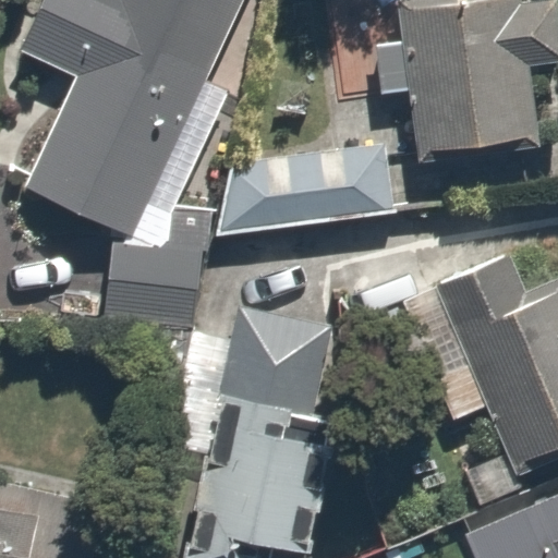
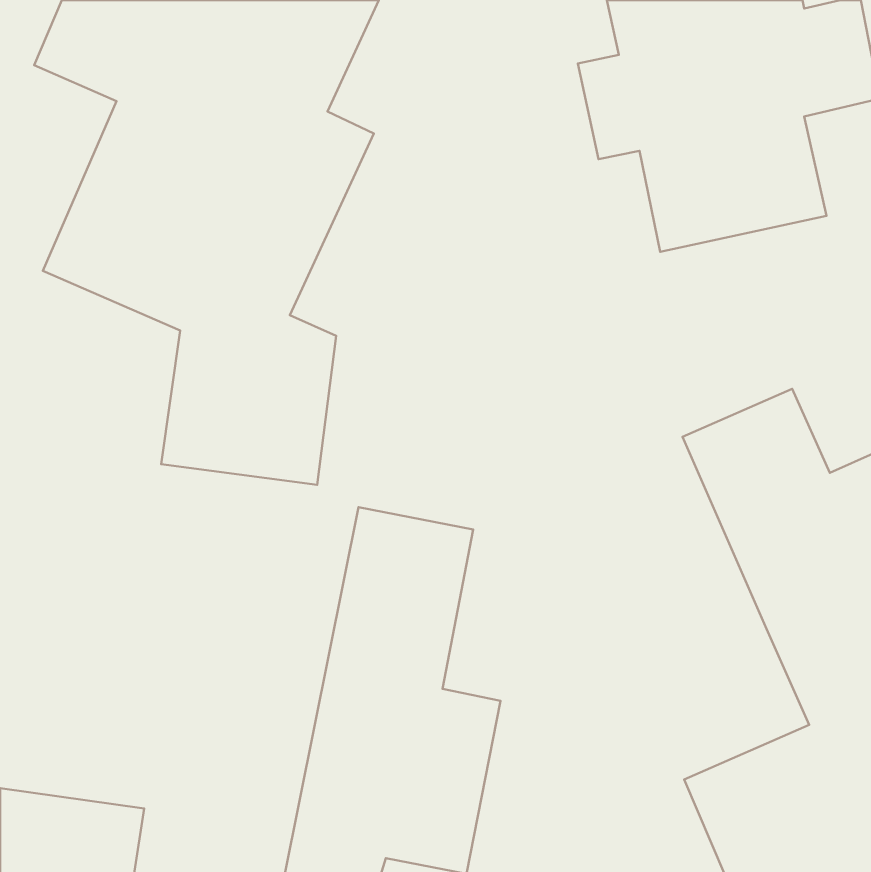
building: [221,136,399,241] -> none

